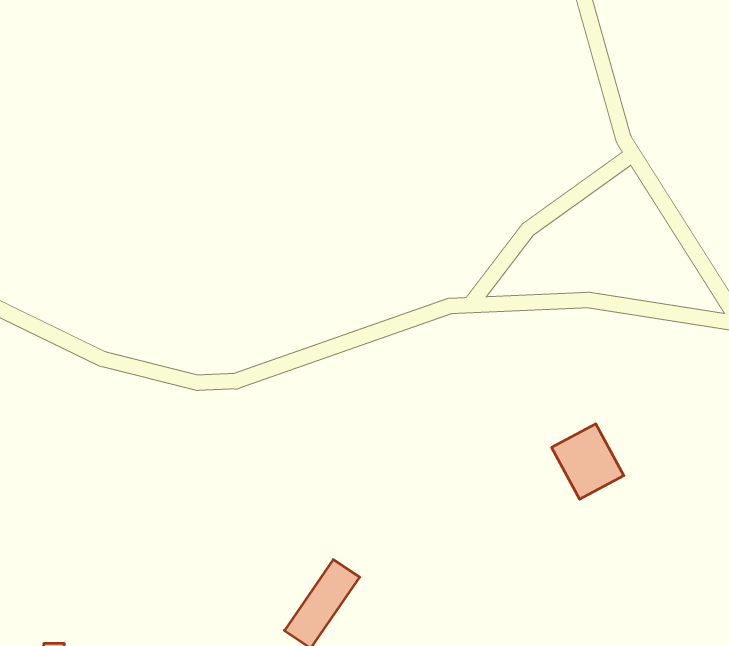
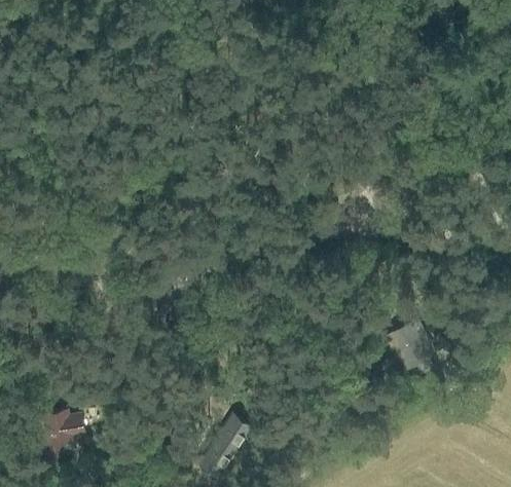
building: none -> [44,409,84,449]

